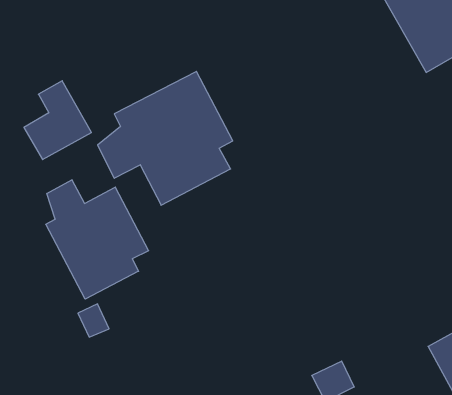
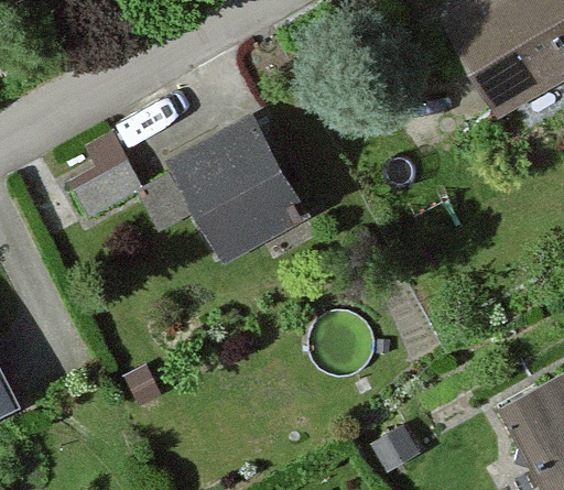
building: [46,180,149,299] -> none

